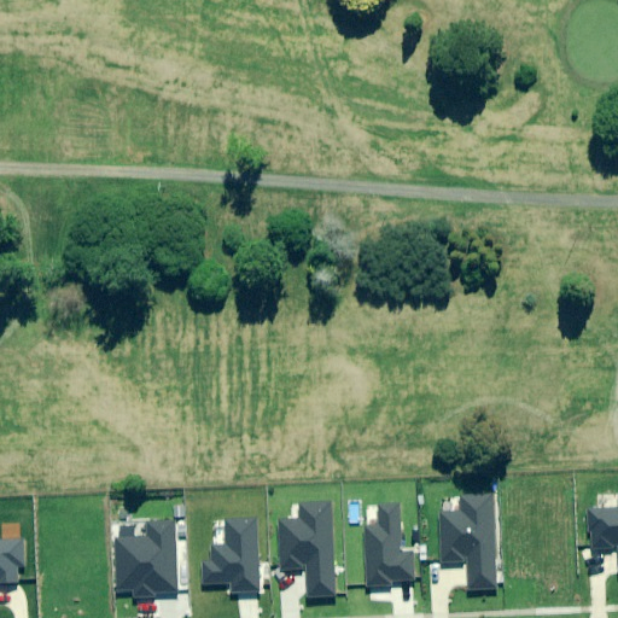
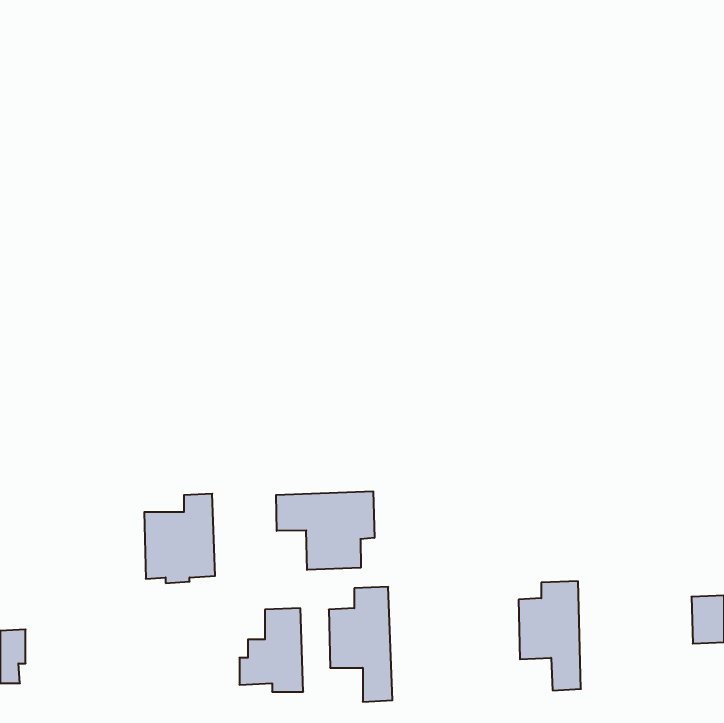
building: none -> [276,491,374,570]
building: [366,502,413,585] -> none
building: [116,519,176,595] -> [144,494,215,583]

